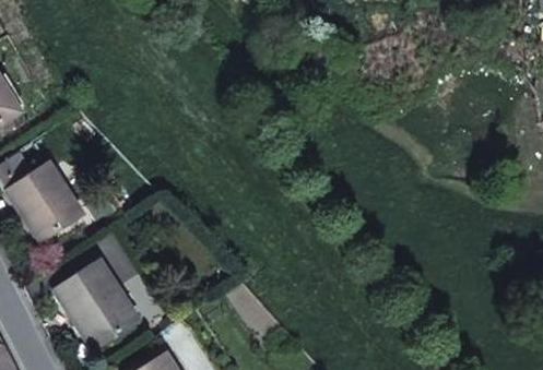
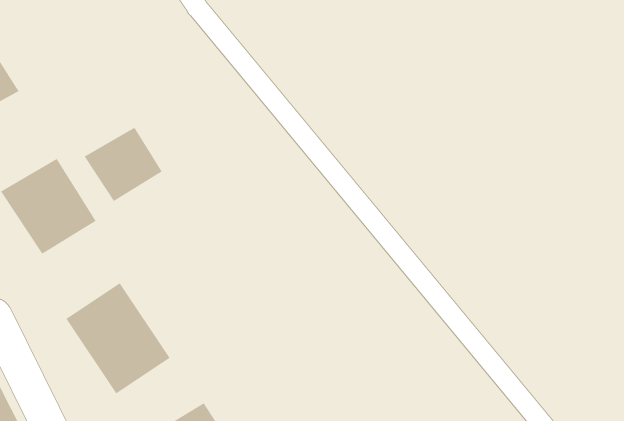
building: none -> [84,127,163,202]

